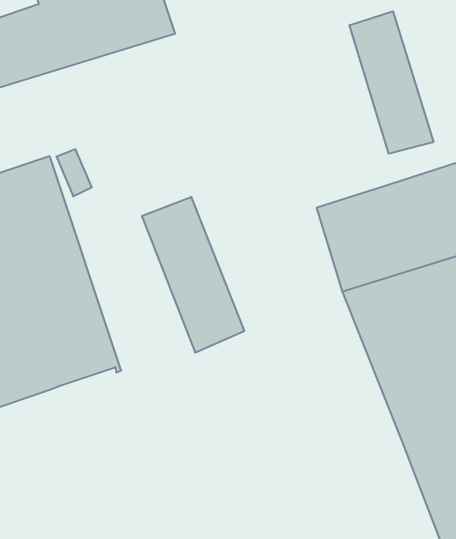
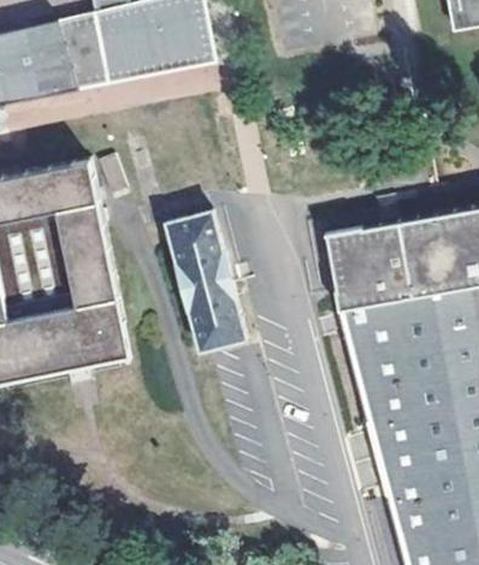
building: [350,11,433,154] -> none

